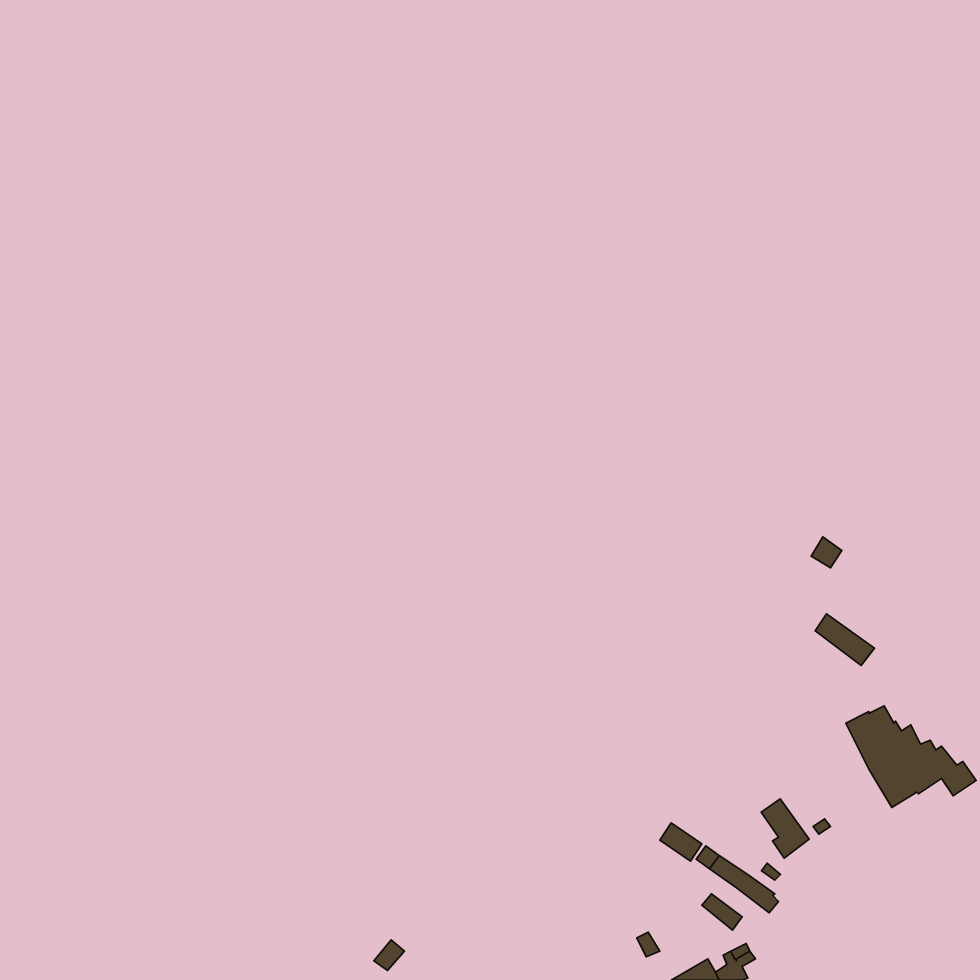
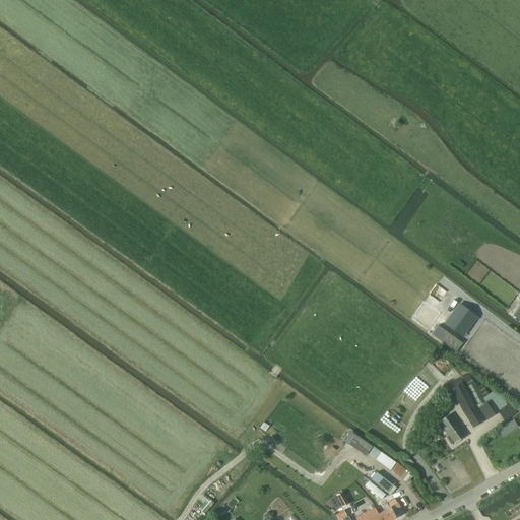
building: none -> [445,305,476,337]
building: [761,799,809,858] -> [440,414,465,446]

